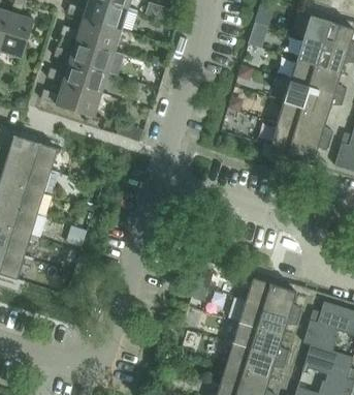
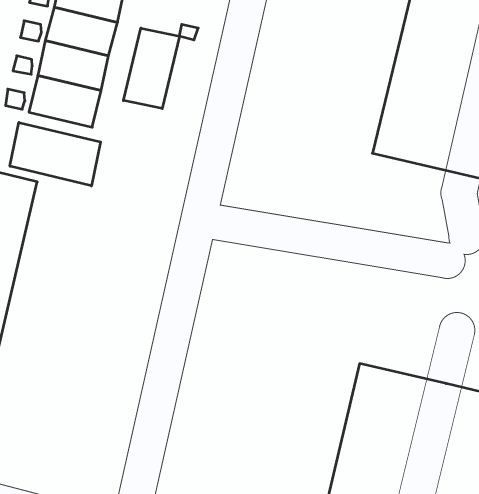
building: none -> [123,28,180,109]
building: none -> [10,122,101,186]

